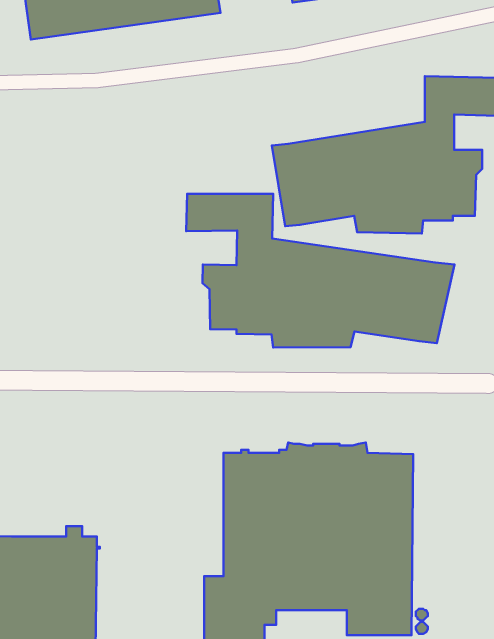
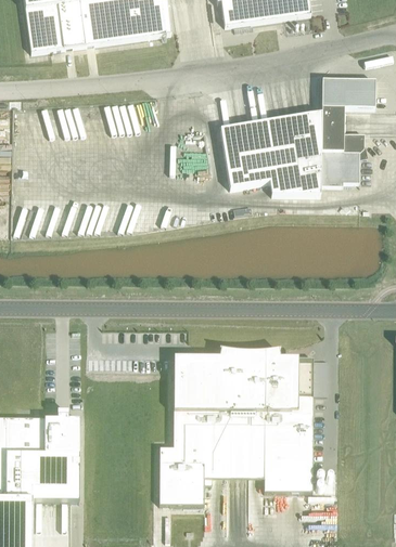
building: [186,194,455,347] -> none

